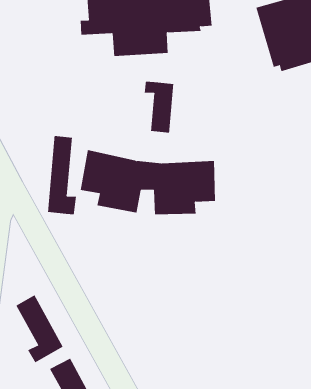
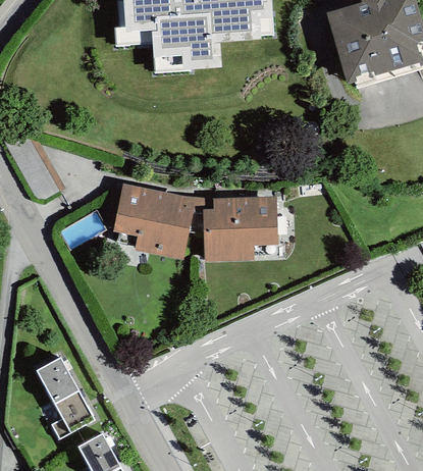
building: [144,81,174,133] -> none
building: [48,135,76,215] -> none

